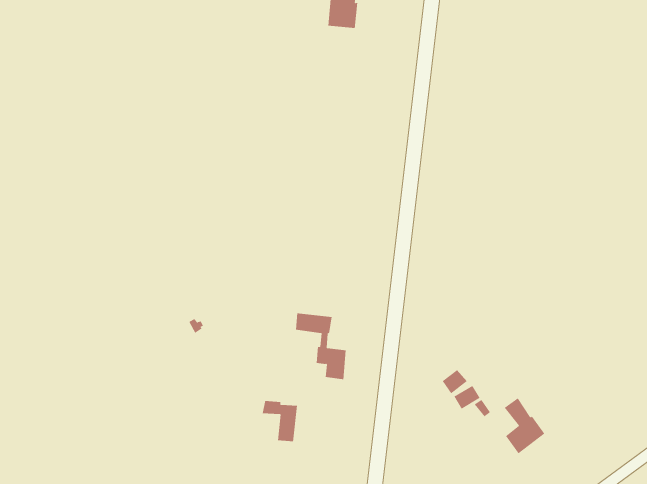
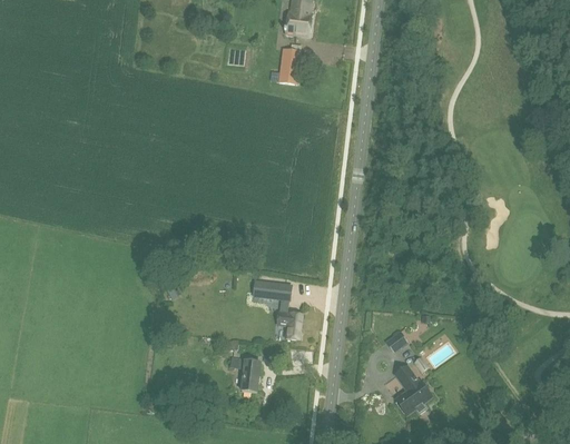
building: none -> [278,48,299,82]
building: [504,397,545,454] -> [394,364,430,413]

